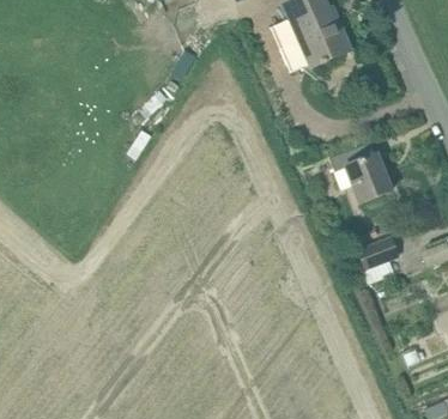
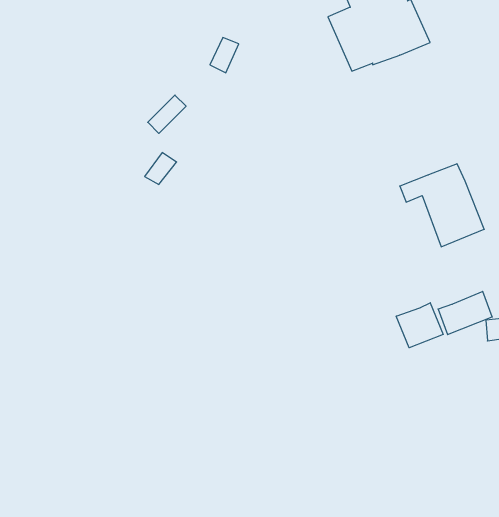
building: none -> [396,303,443,348]

